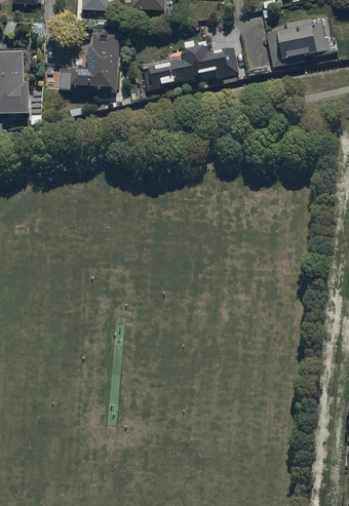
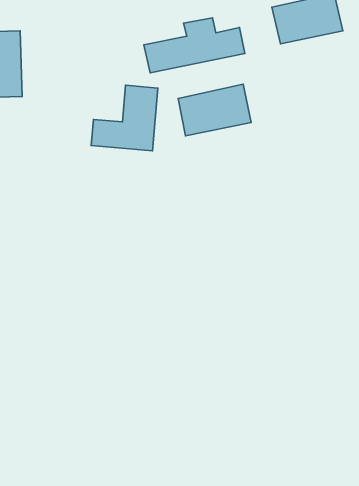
building: [59,32,122,94] -> [91,85,158,151]
building: none -> [178,84,251,136]

